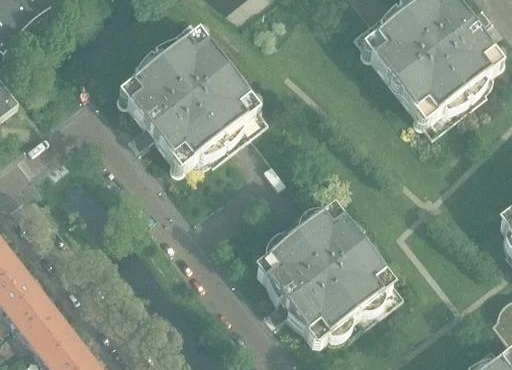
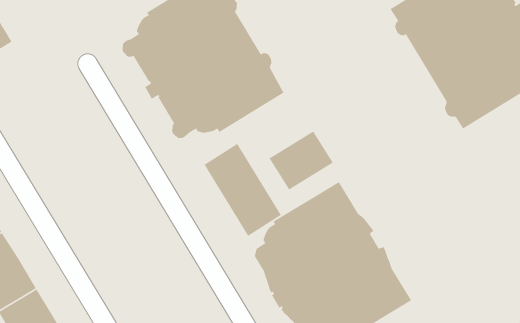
building: none -> [269,130,334,190]
building: none -> [203,143,282,237]

